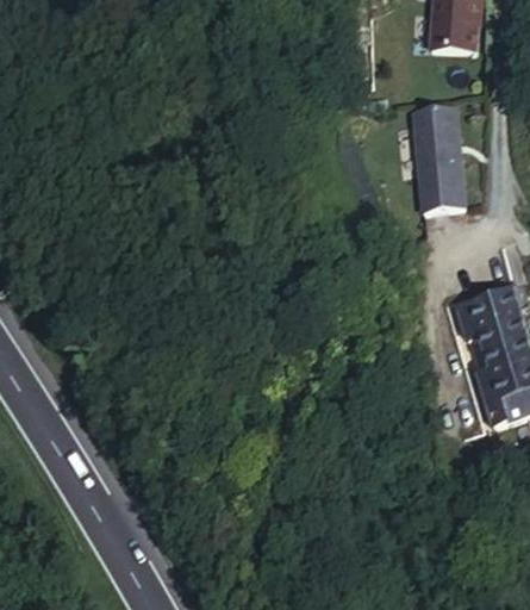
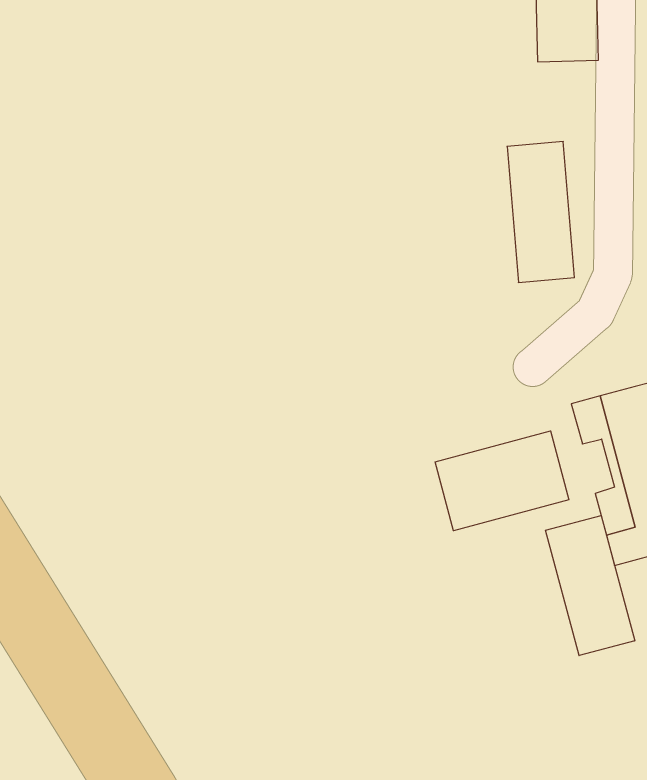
building: none -> [435,431,569,531]
building: none -> [545,515,635,656]

